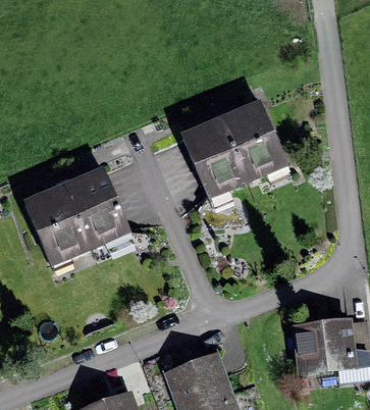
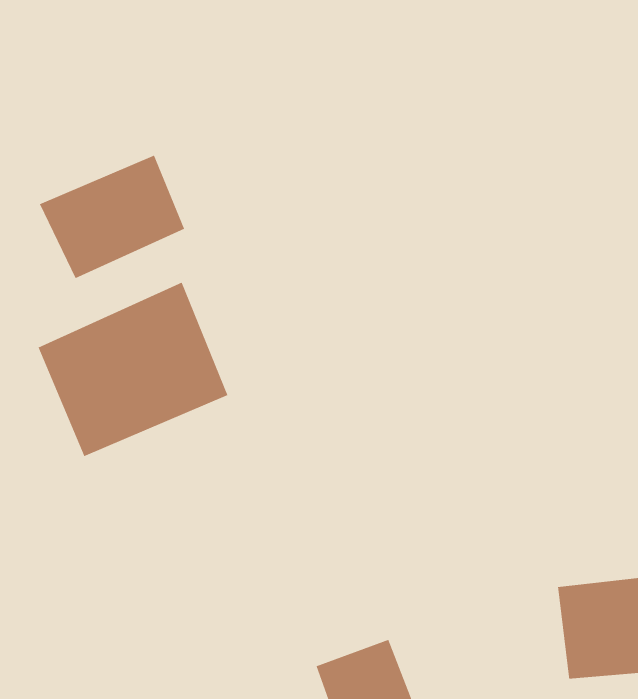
building: none -> [39,154,185,279]
building: [181,104,287,193] -> none

